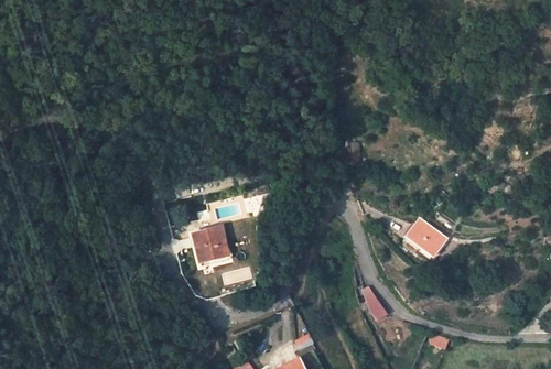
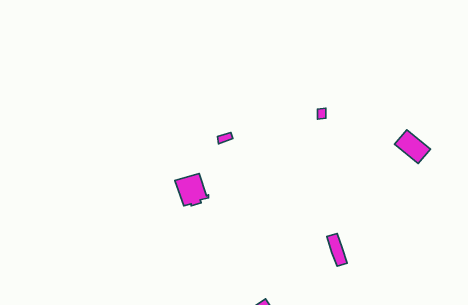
building: [404,217,443,253] -> [395,130,430,164]

